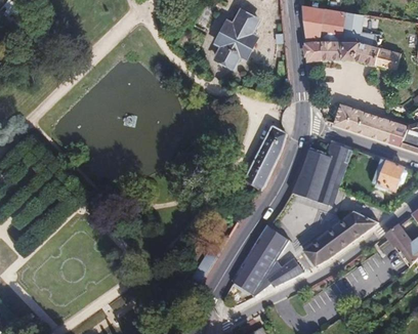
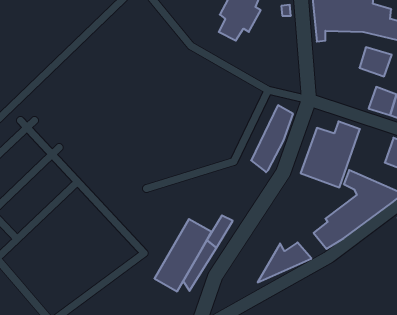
building: [333,103,364,131] -> [359,47,392,76]
building: [229,227,284,296] -> [154,219,212,291]

